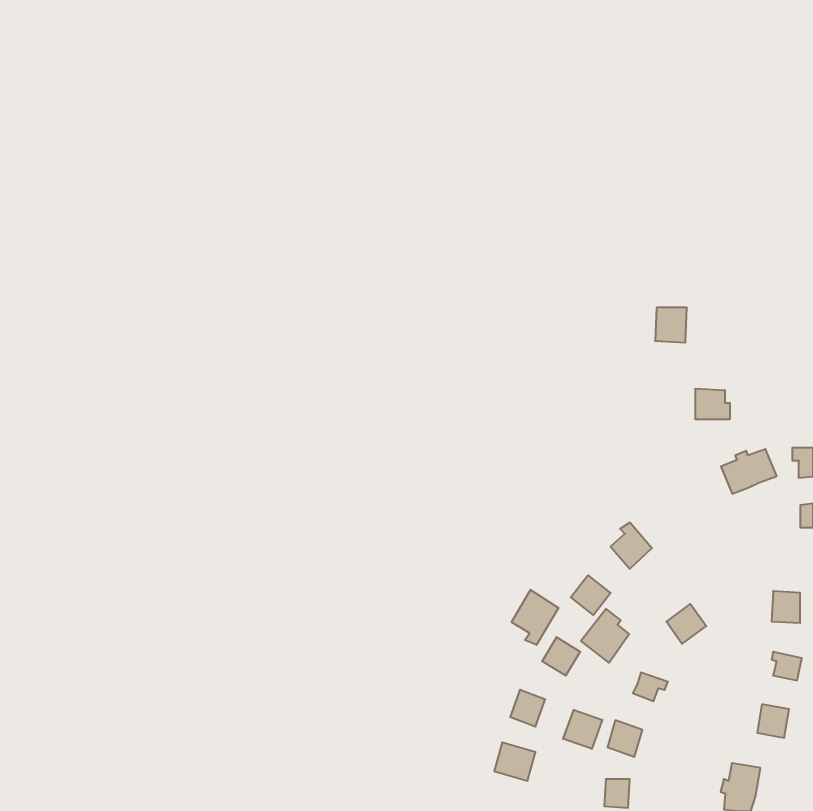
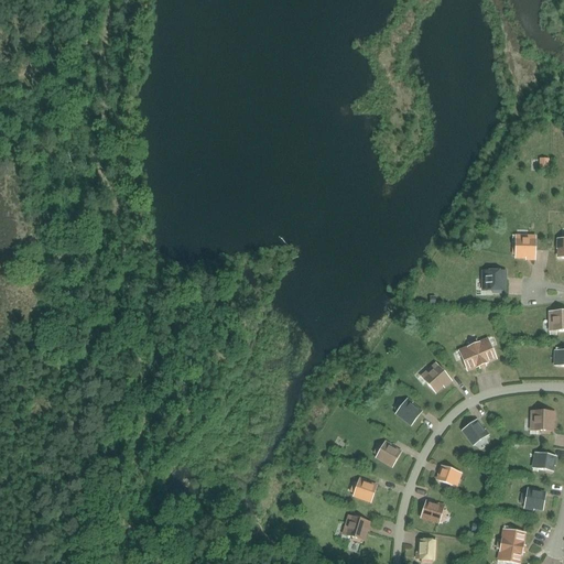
building: [655,308,687,343] -> [513,234,535,258]
building: [721,449,777,494] -> [458,339,497,370]
building: [512,590,559,645] -> none
building: [581,609,629,663] -> none
building: [563,710,602,749] -> none

